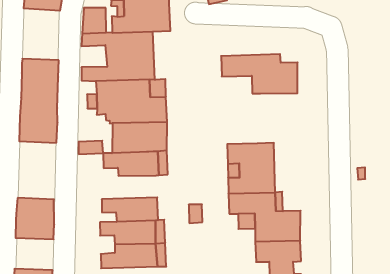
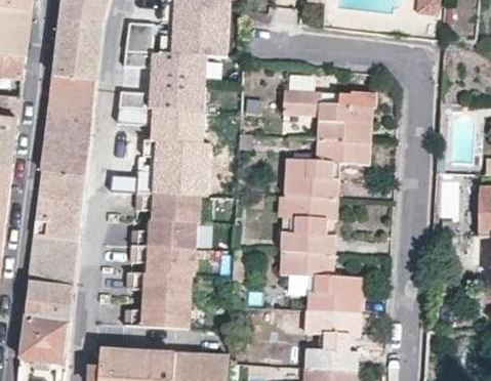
building: none -> [52,16,100,80]
building: none -> [282,136,368,196]
building: none -> [34,170,84,241]
building: none -> [131,219,197,248]
building: none -> [24,282,72,323]

